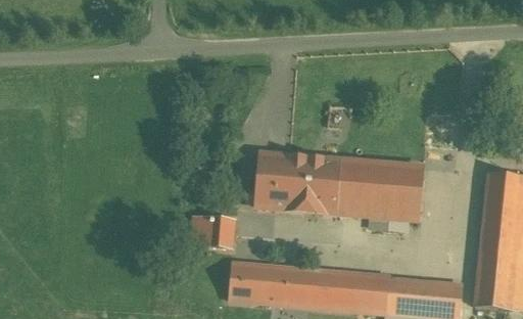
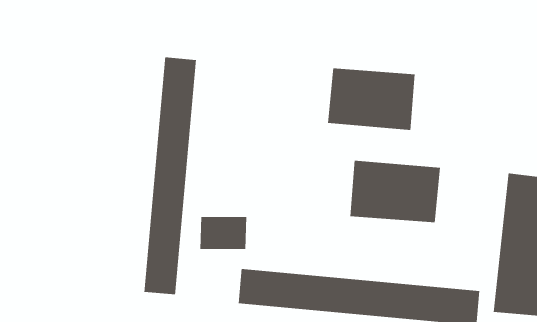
building: none -> [144,57,196,295]
building: [255,153,340,214] -> [327,68,416,131]

